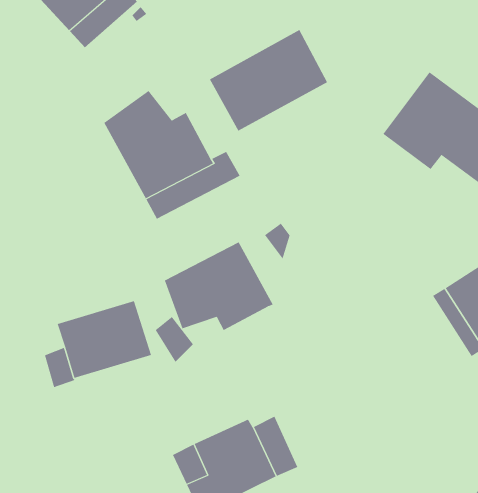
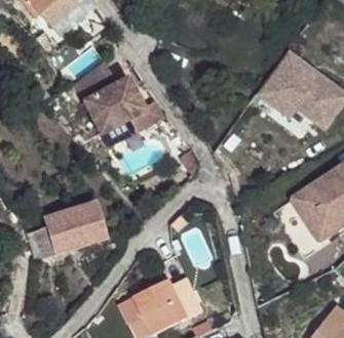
building: [209,29,328,132] -> none
building: [164,241,273,331] -> none

